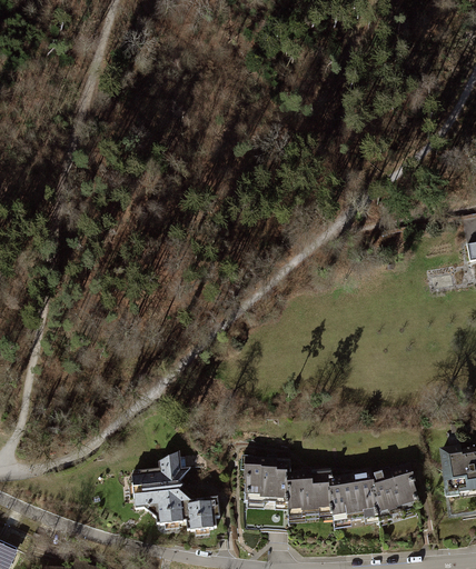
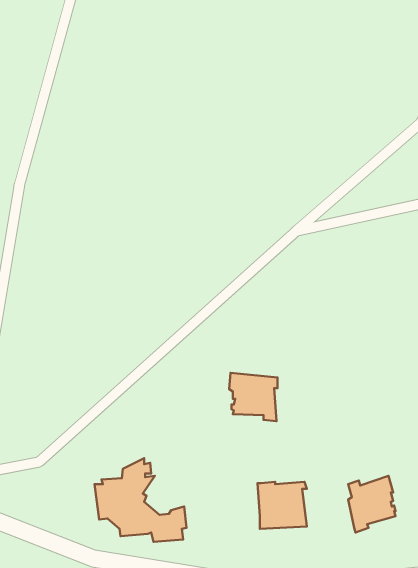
building: [244,459,289,505] -> [229,373,278,421]
building: [328,475,377,522] -> none

